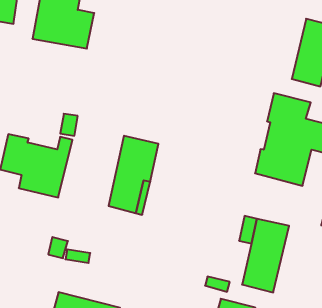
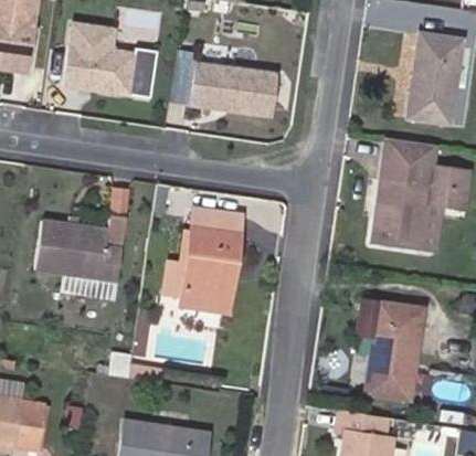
building: none -> [192,63,283,116]

